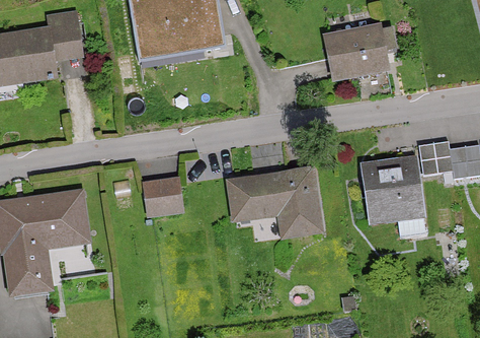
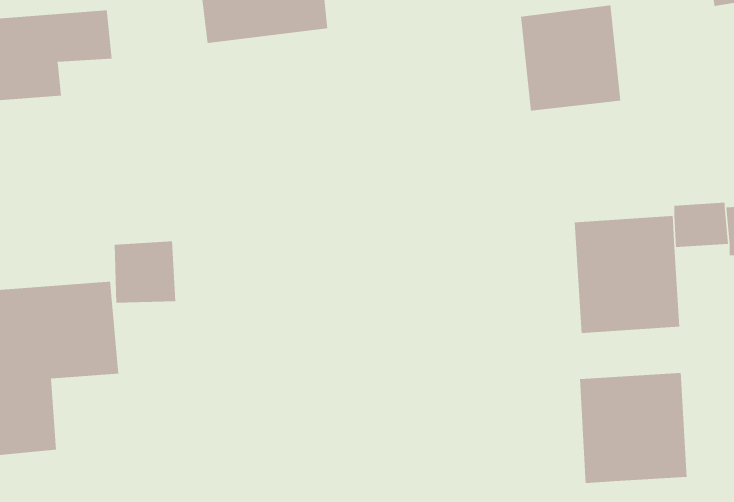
building: [234,168,323,239] -> none
building: [145,179,182,216] -> [114,241,176,303]
building: none -> [579,372,687,484]

